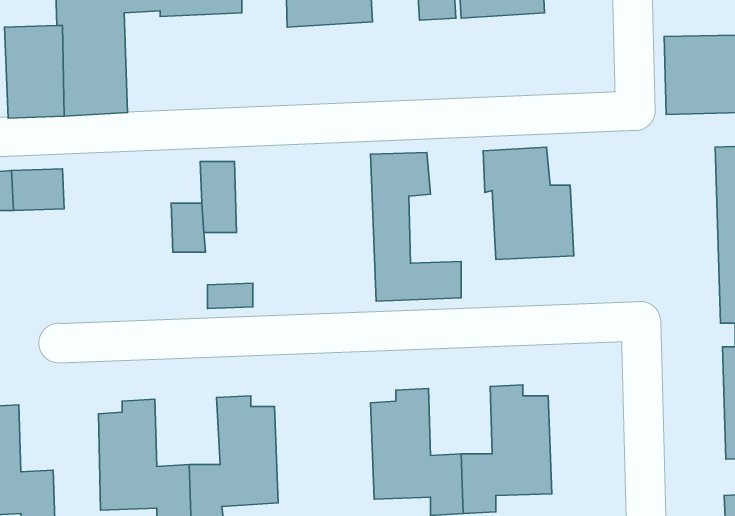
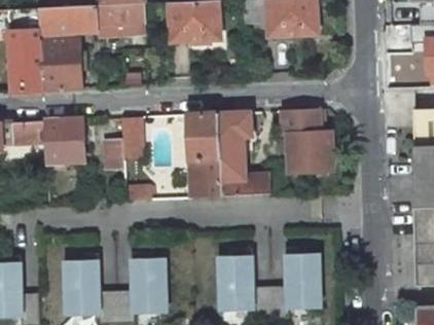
building: none -> [187,113,220,197]
building: none -> [42,119,83,162]

